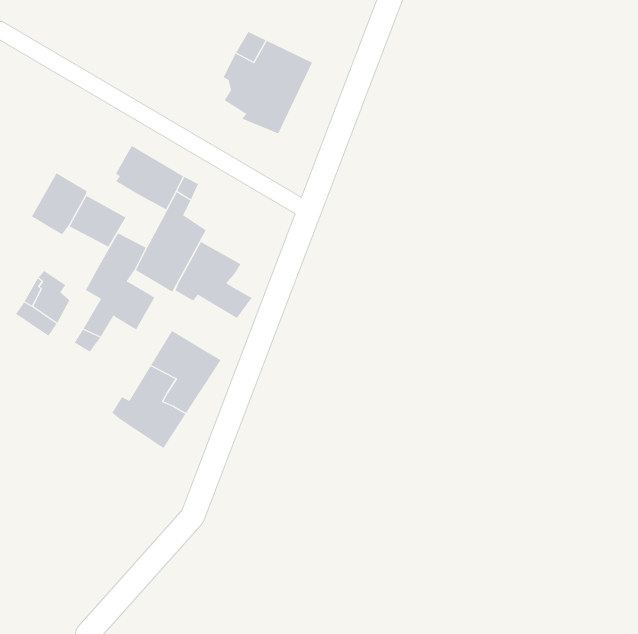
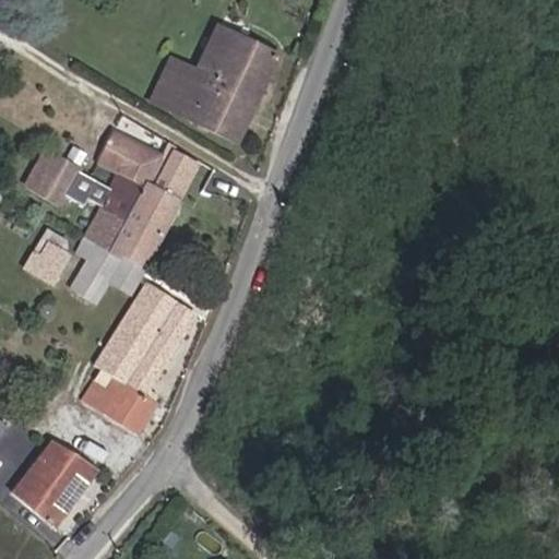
building: none -> [153,57,245,131]
building: none -> [104,170,146,216]
building: [175,241,252,319] -> none
building: none -> [86,366,155,428]
building: none -> [8,437,93,523]

